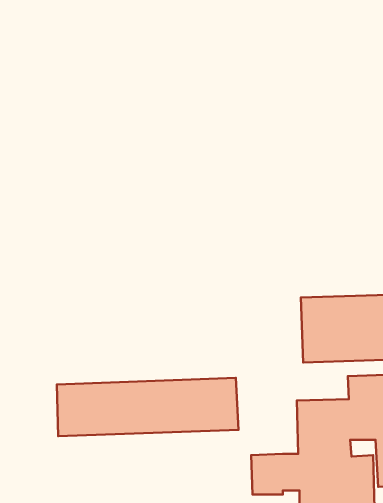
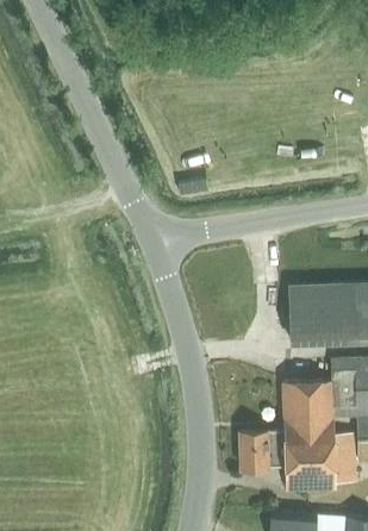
building: [57,378,239,436] -> none

